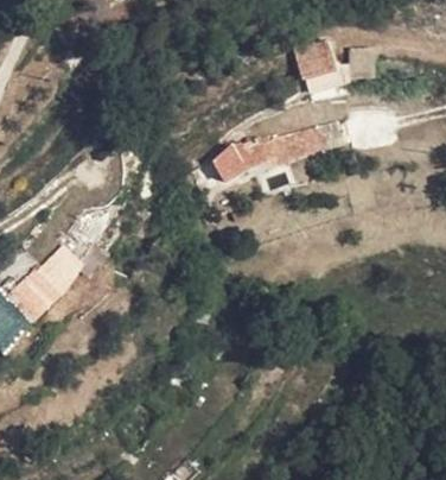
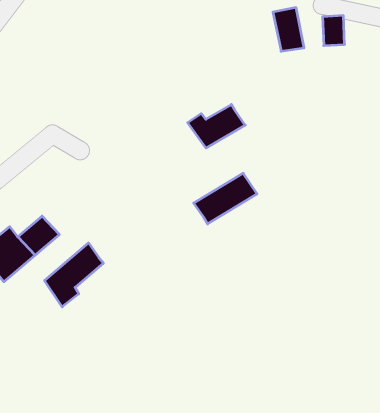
building: [265,113,330,165] -> [194,173,257,224]
building: none -> [45,243,103,307]

